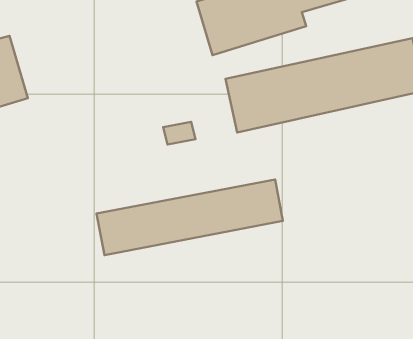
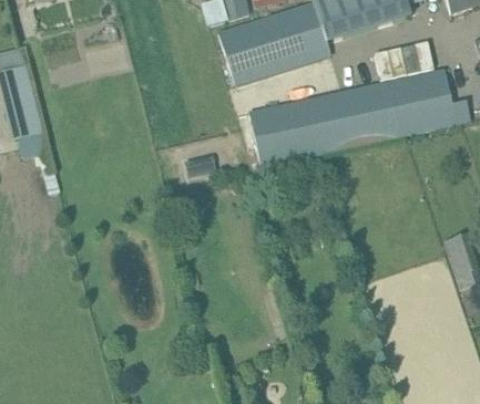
building: [96,180,283,255] -> none

